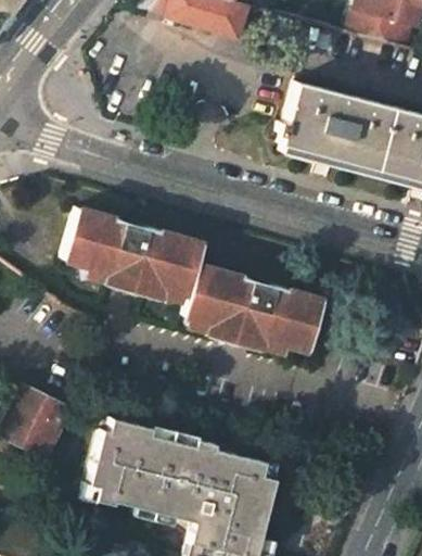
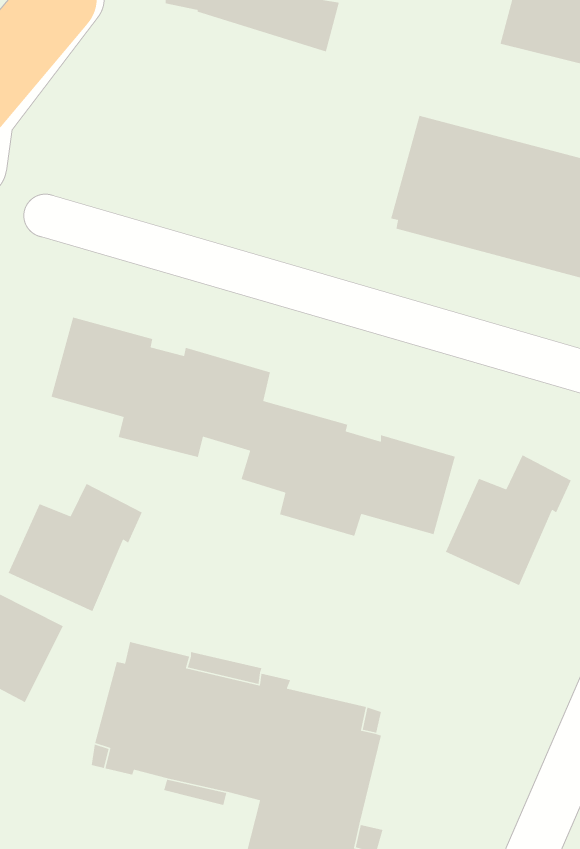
building: none -> [445,454,572,586]
building: none -> [7,483,143,612]

